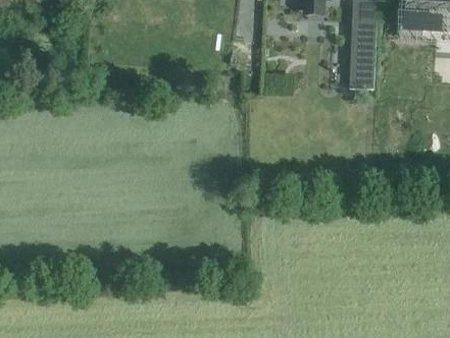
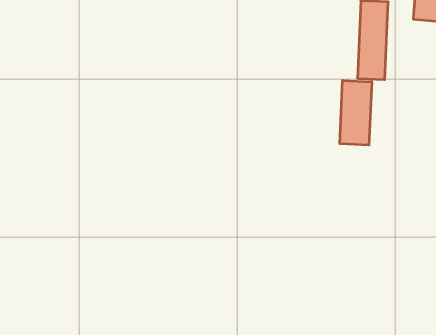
building: none -> [340,80,372,145]

